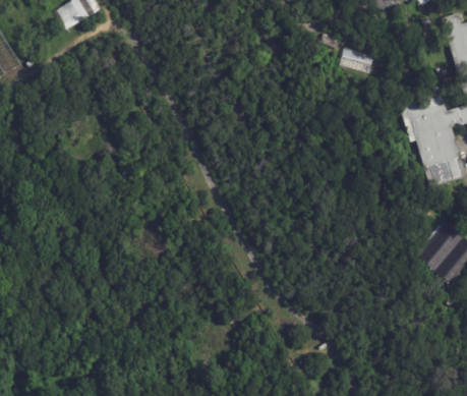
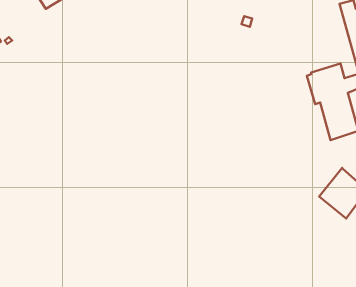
building: [338,47,372,73] -> none

